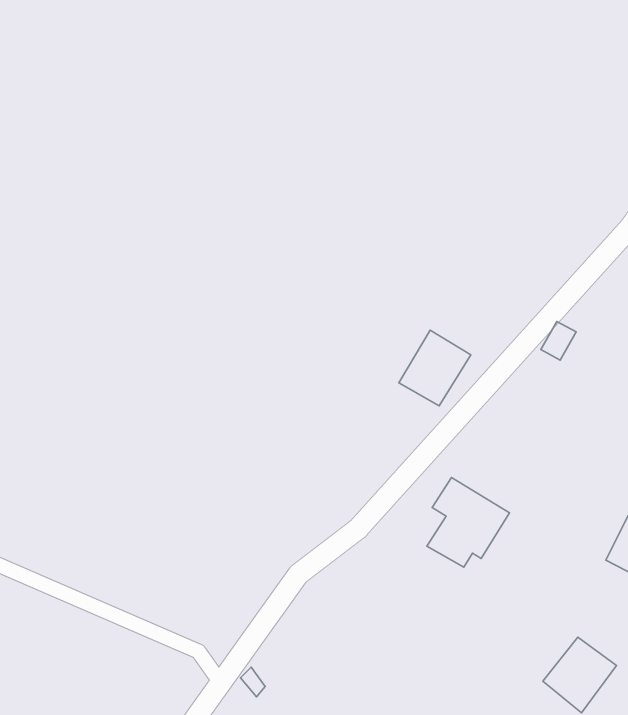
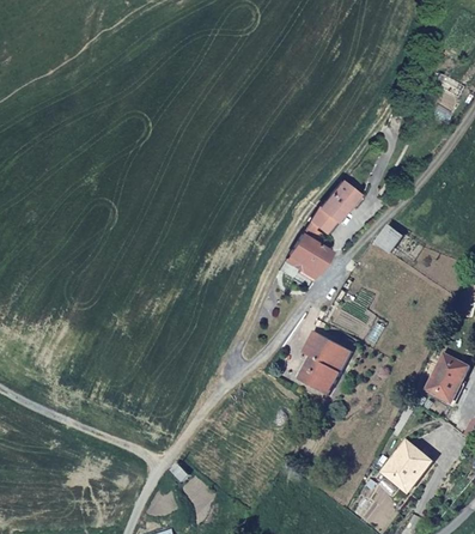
building: none -> [309,180,359,233]

